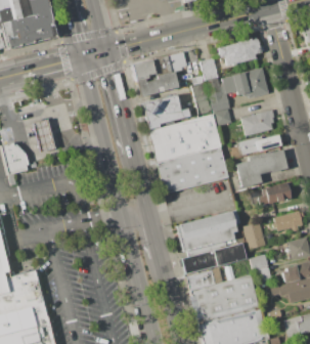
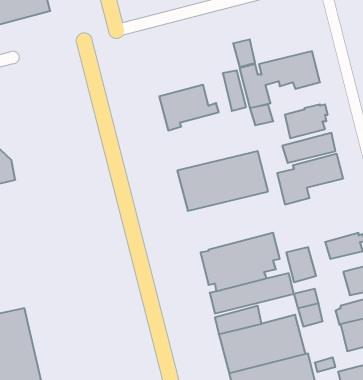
building: [218,38,261,67] -> none
building: [133,51,188,98] -> none
building: [149,115,220,162] -> none
building: [32,120,55,153] -> none
building: [259,182,291,205] -> none

